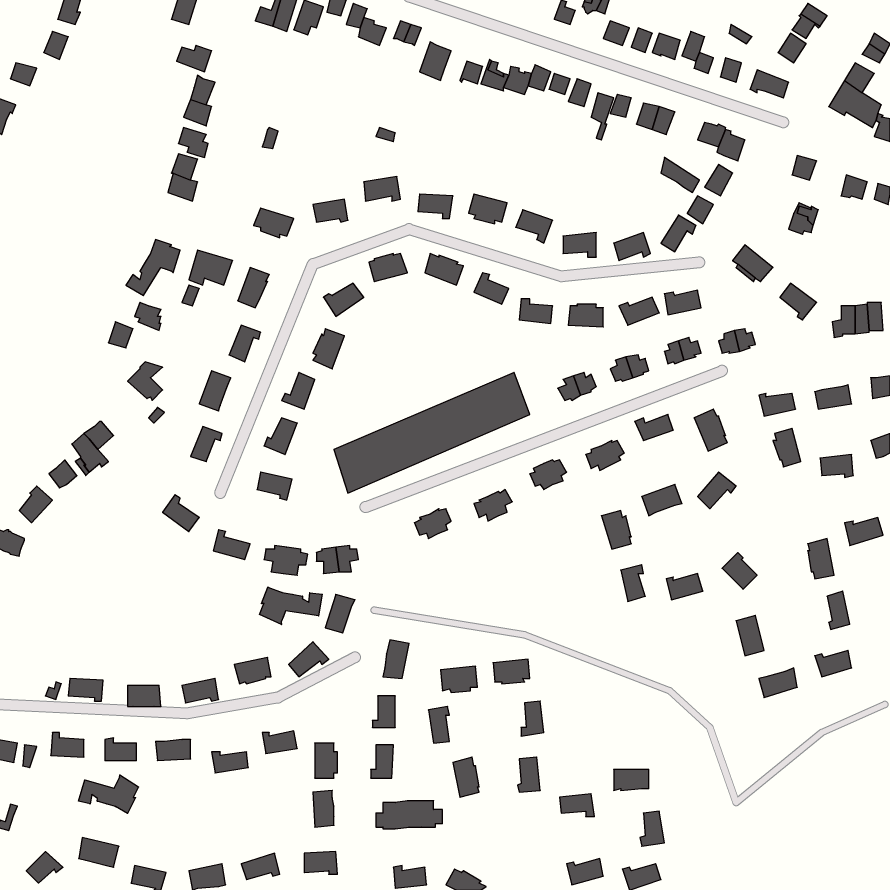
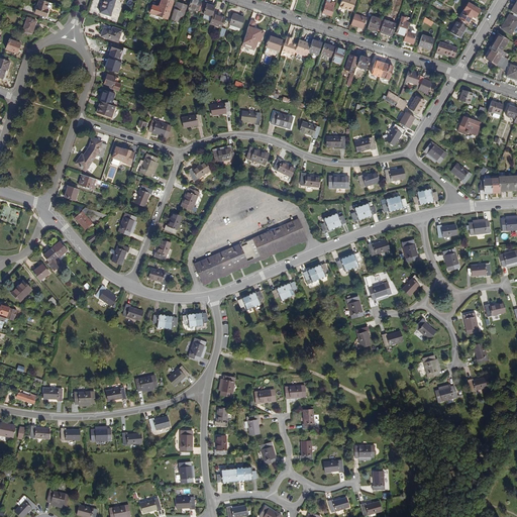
building: [260,587,322,625] -> none
building: [79,775,139,813] -> none

